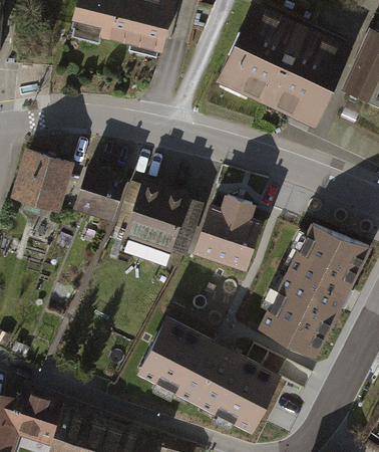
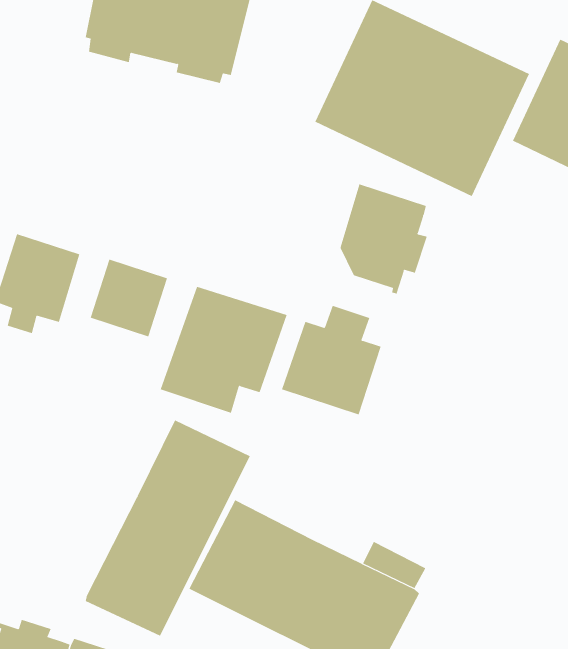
building: none -> [340,184,427,294]
building: [260,223,369,355] -> none
building: none -> [85,420,250,637]

